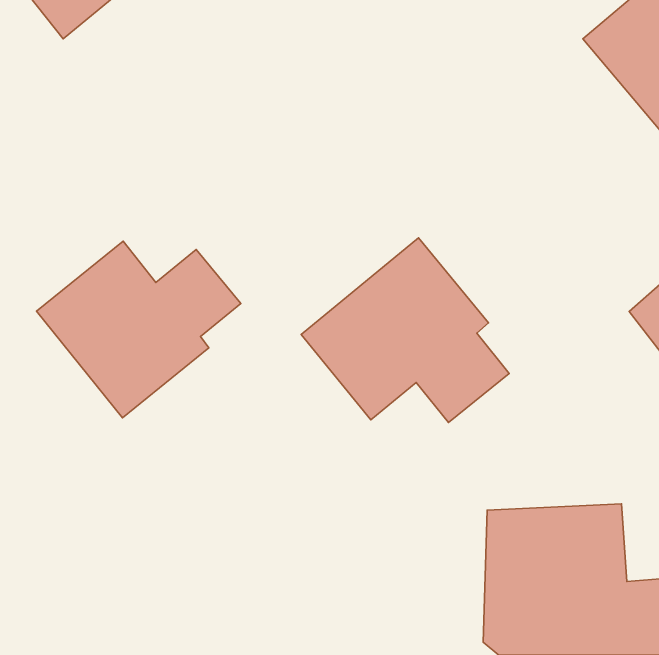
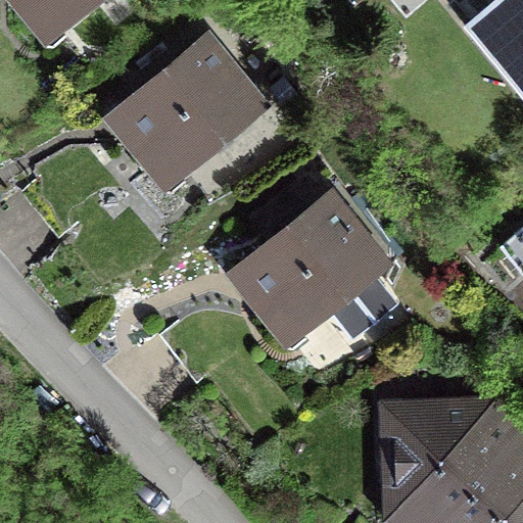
building: none -> [102,31,274,195]
building: [37,241,241,418] -> none

